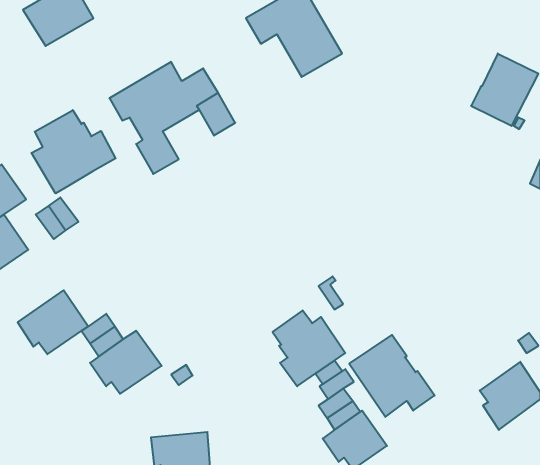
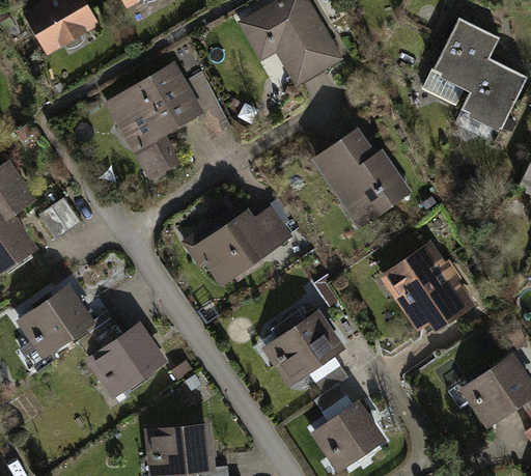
building: none -> [421,18,499,105]
building: [31,110,116,193] -> none
building: none -> [315,131,407,221]
building: none -> [203,211,288,281]
building: [349,335,435,417] -> [385,247,468,327]

